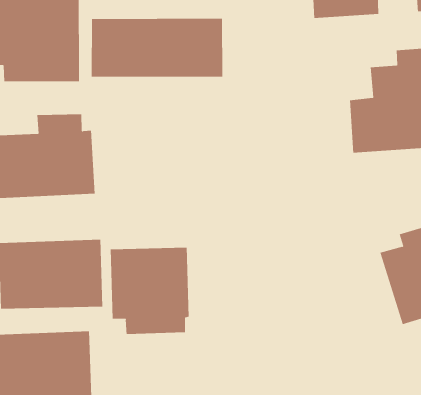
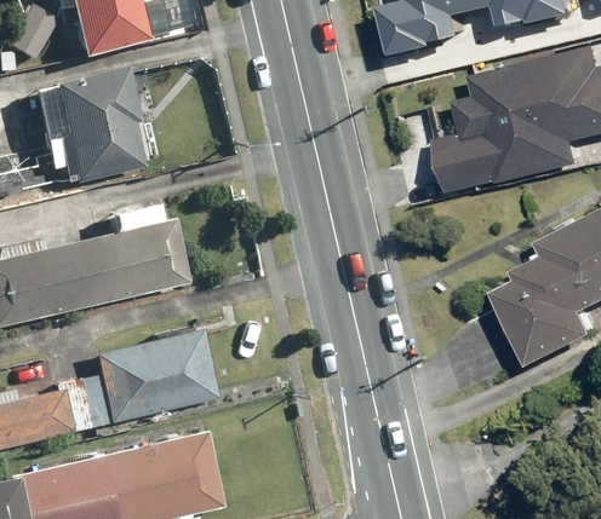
building: [91,18,223,77] -> none
building: [110,247,189,335] -> none

